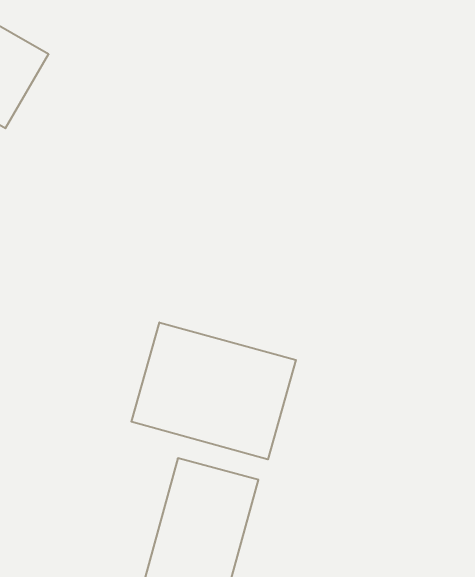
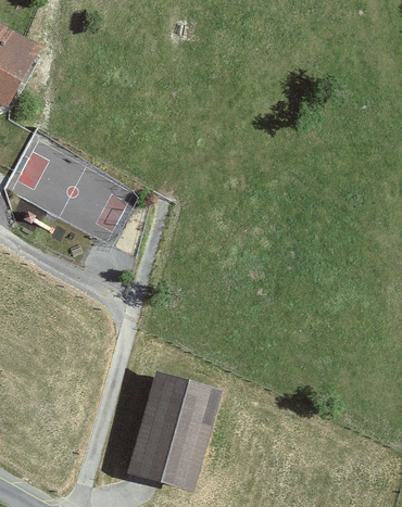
building: [131,322,296,459] -> none

